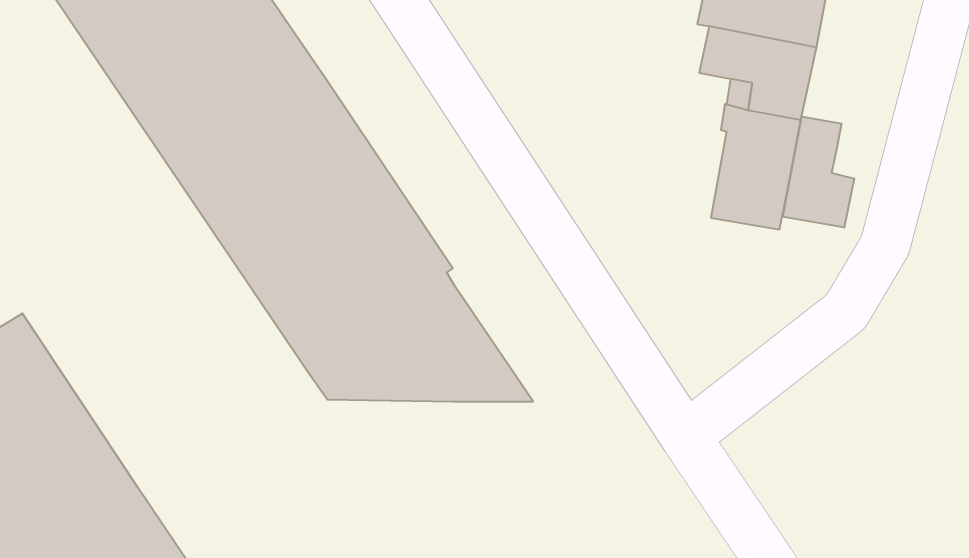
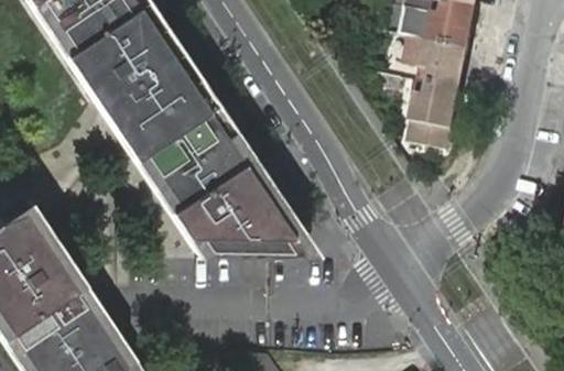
building: [783,116,854,228] -> none

